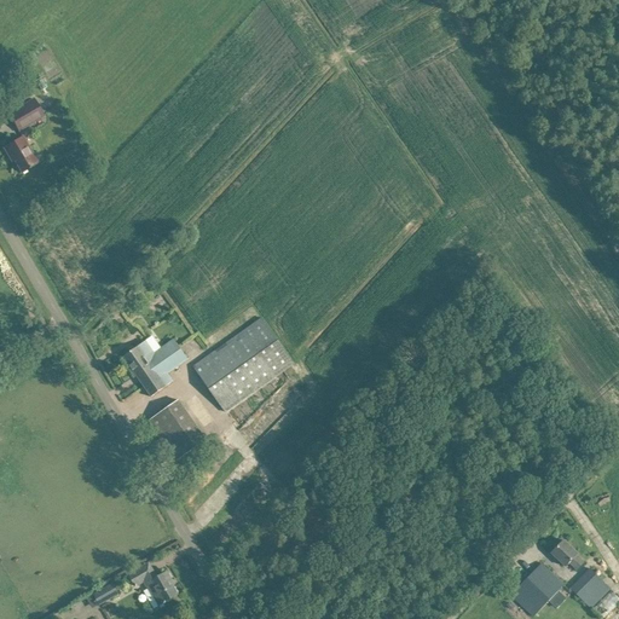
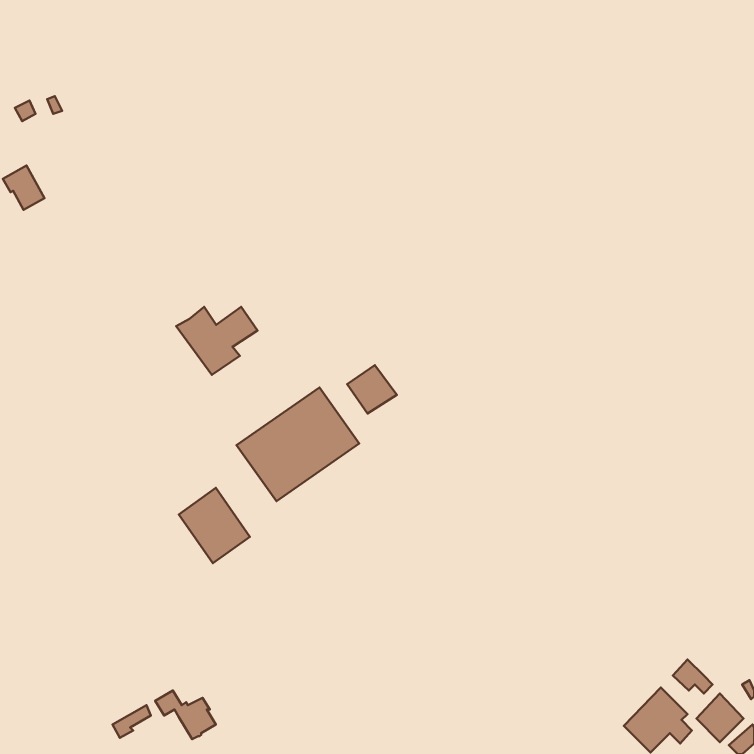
building: [7,98,41,129] -> none
building: none -> [347,365,397,414]
building: [121,340,187,395] -> [176,307,258,375]

